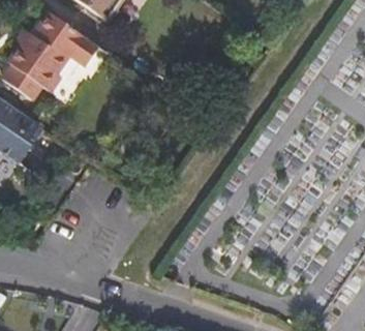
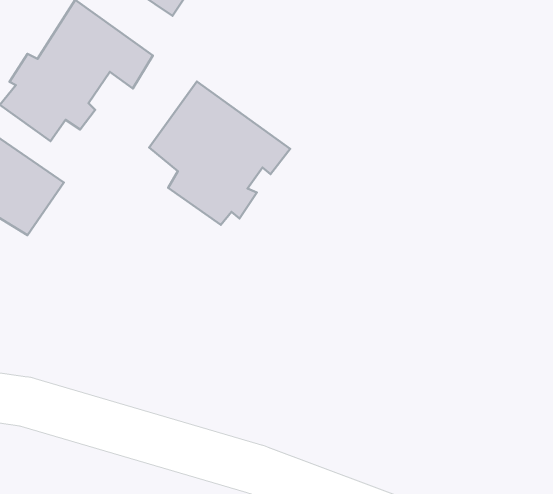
building: none -> [149,81,290,225]

